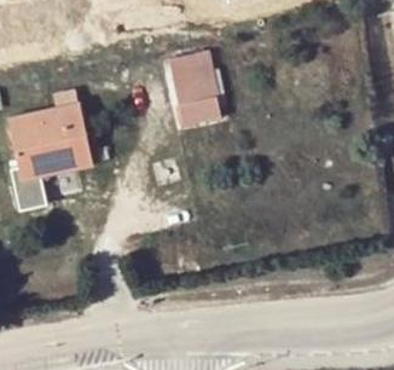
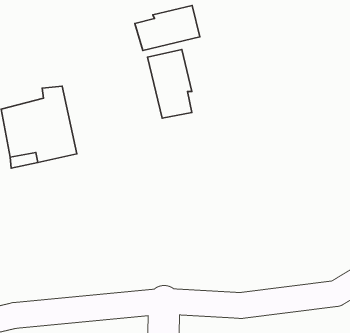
building: none -> [135,5,200,50]

